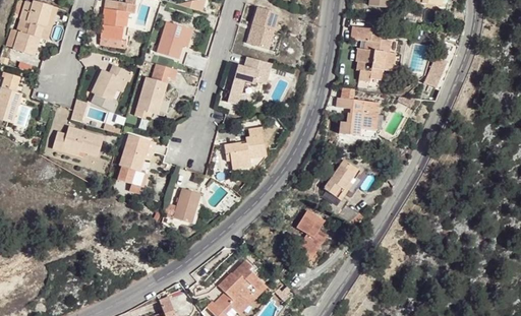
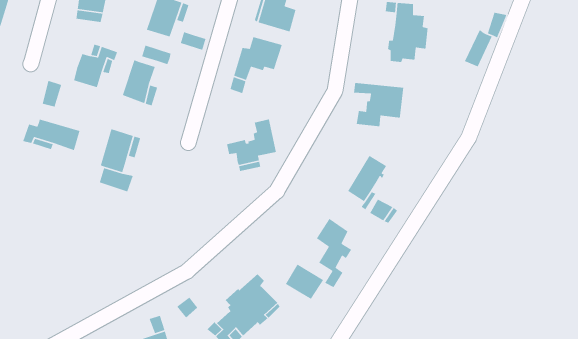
building: [173,186,201,225] -> none
building: none -> [285,263,324,300]

